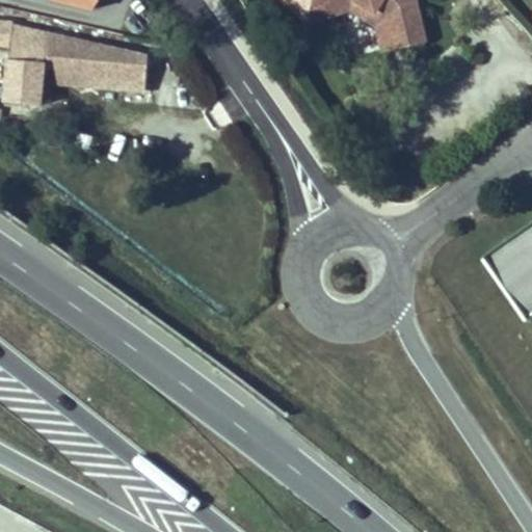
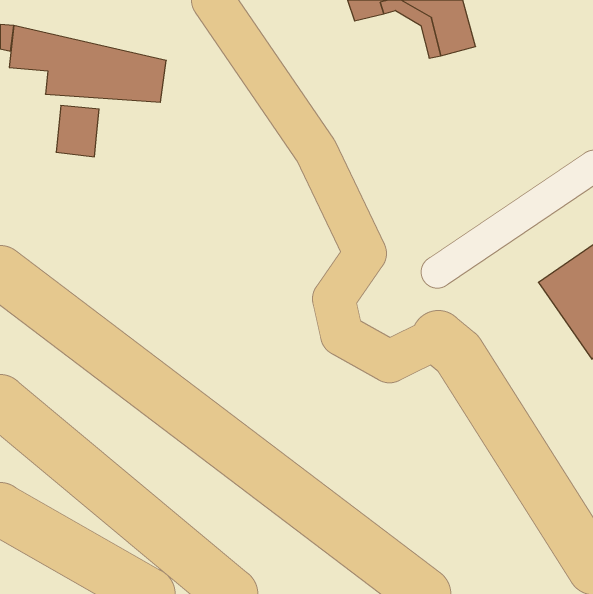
building: [5,60,44,106] -> [56,106,99,157]

